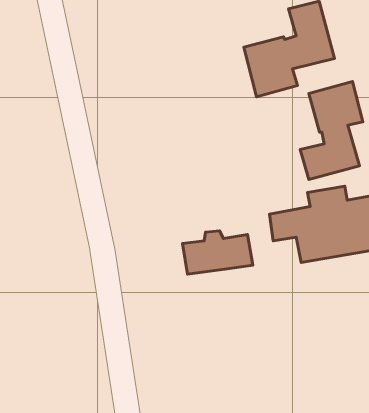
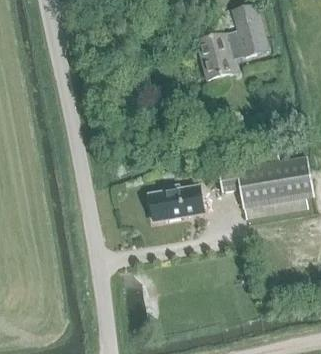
building: [300,81,363,179] -> none

